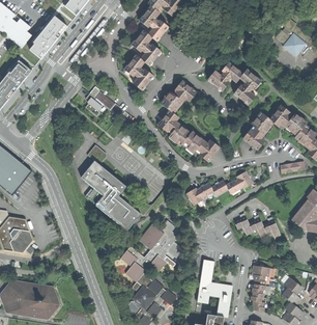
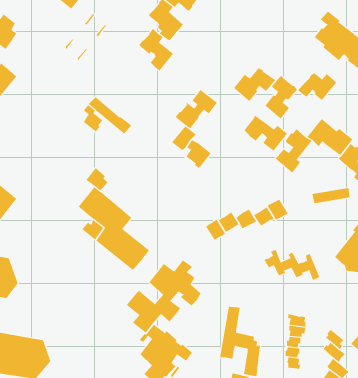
building: [29,16,66,58] -> none
building: [123,55,152,90] -> none
building: none -> [297,72,337,101]
building: [182,131,219,161] -> [244,115,288,152]

